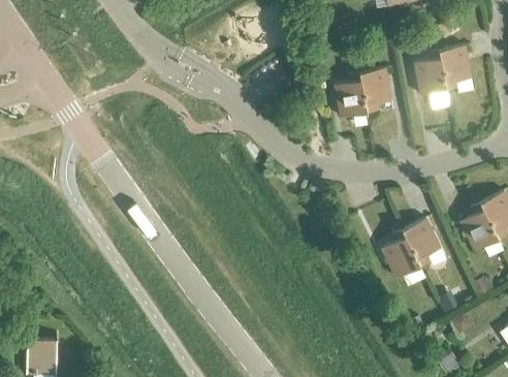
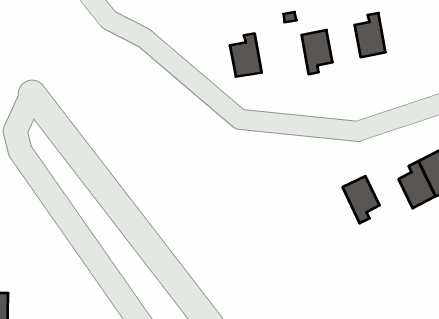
building: [439,45,471,91] -> none
building: [334,73,367,118] -> [230,34,262,77]
building: [381,230,419,279] -> none

